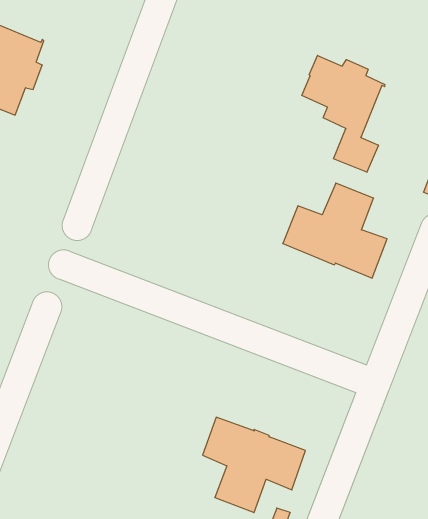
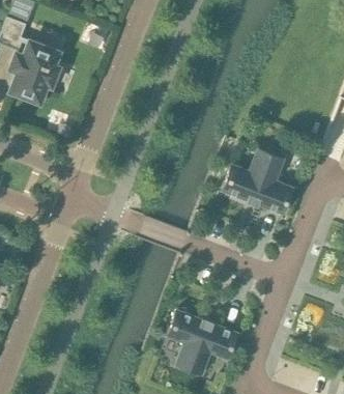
building: [302,55,385,172] -> none

